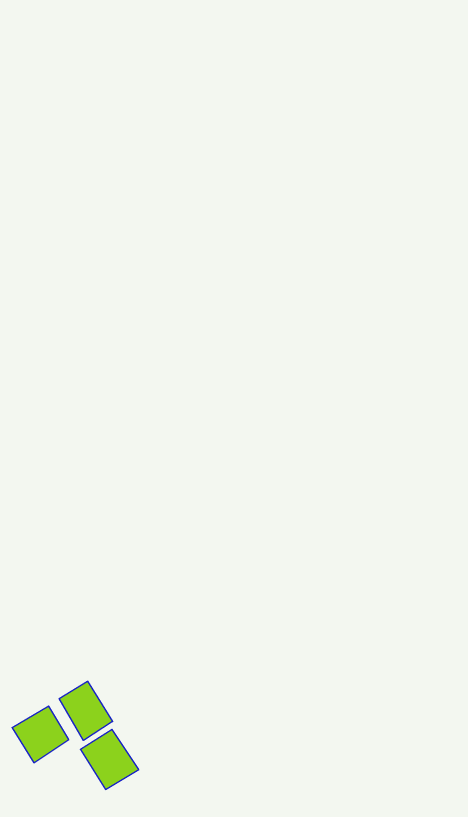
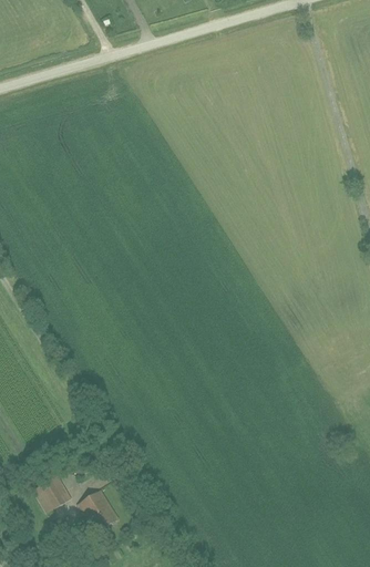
building: [59,681,113,740] -> none

